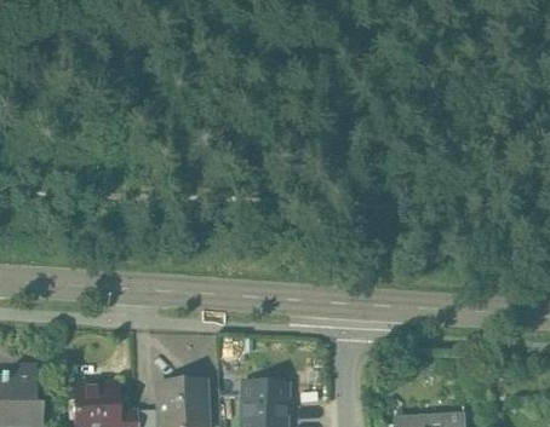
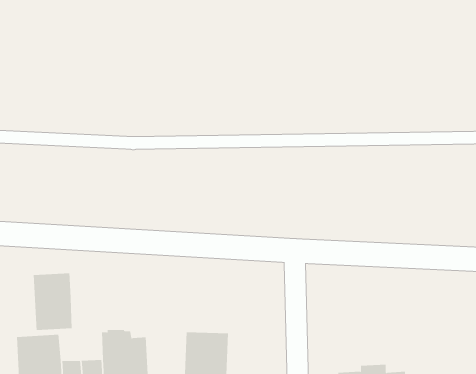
building: none -> [33,273,72,331]

